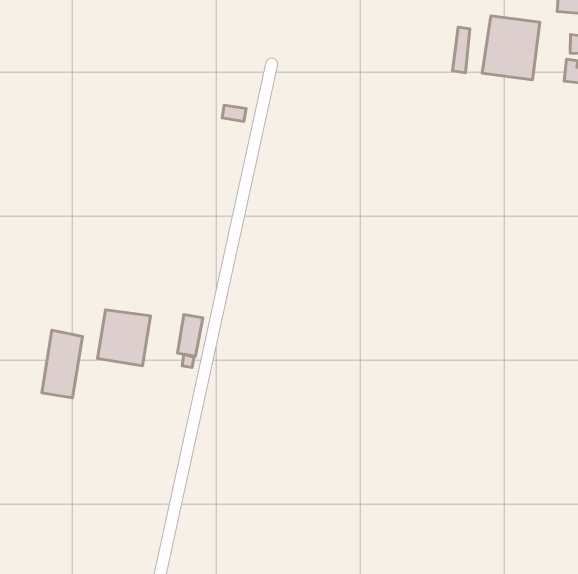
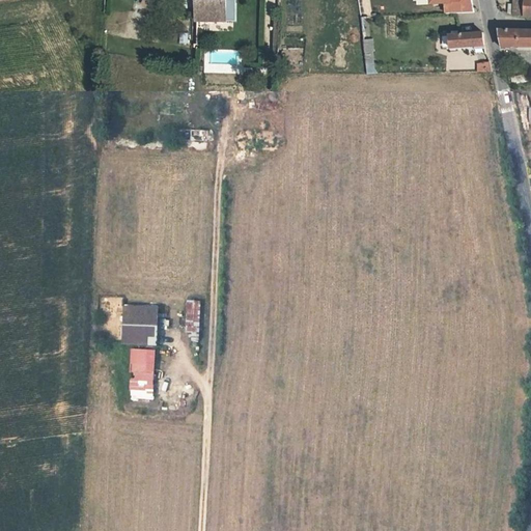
building: [482,16,540,80] -> none
building: [42,330,83,398] -> [130,346,155,397]

